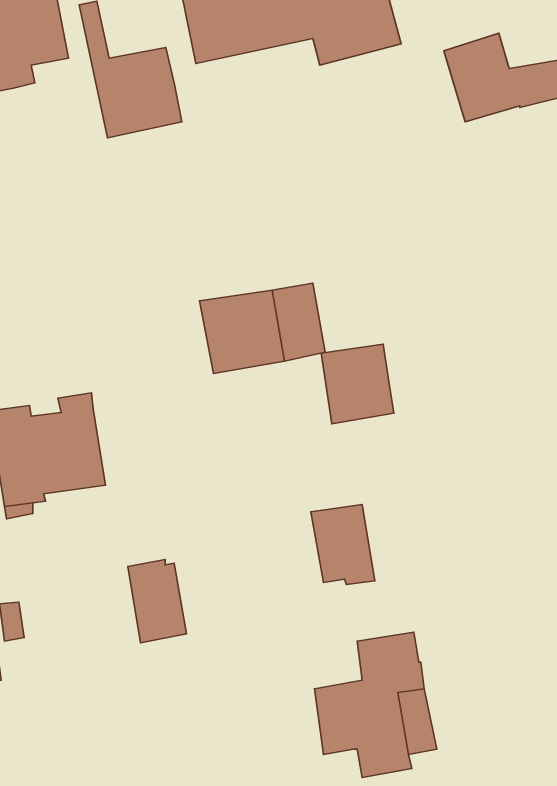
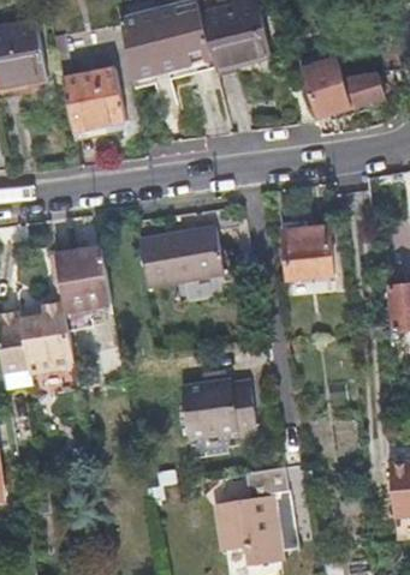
building: none -> [55,246,112,313]
building: [321,344,394,424] -> [281,220,331,274]
building: [128,560,186,643] -> [182,381,221,437]

